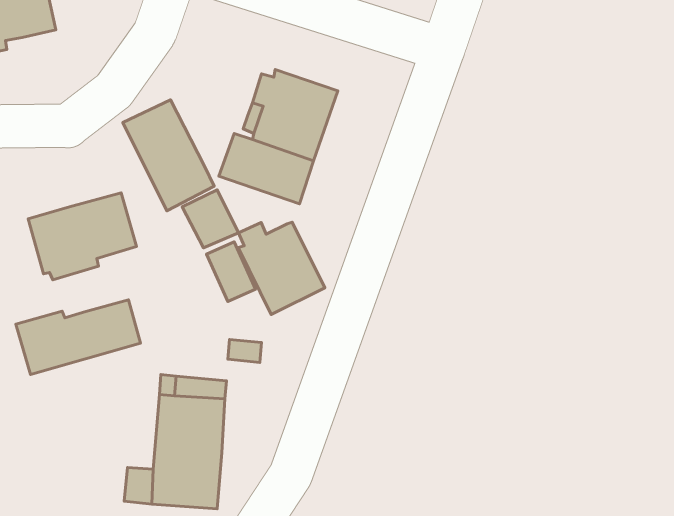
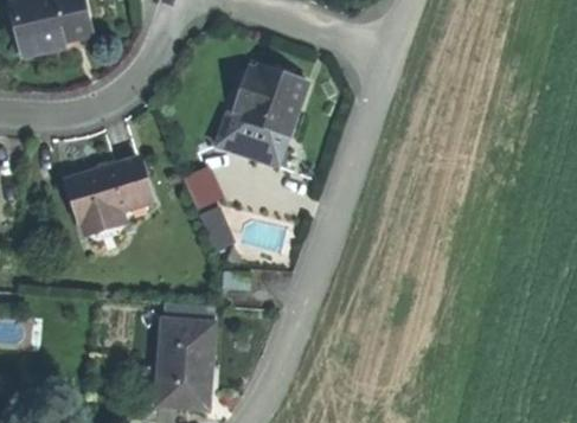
building: [123,100,214,211] -> none
building: [238,222,325,315] -> none
building: [16,300,140,375] -> none

